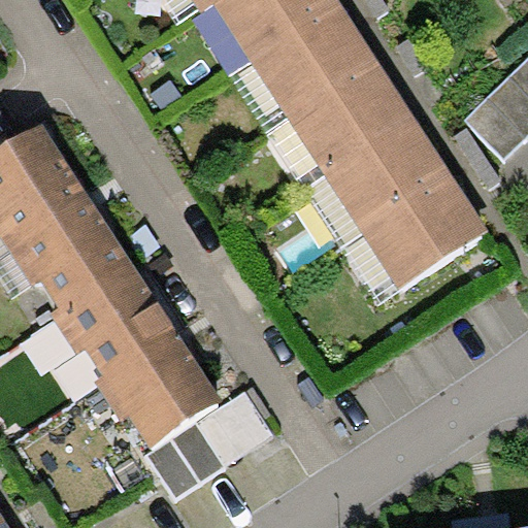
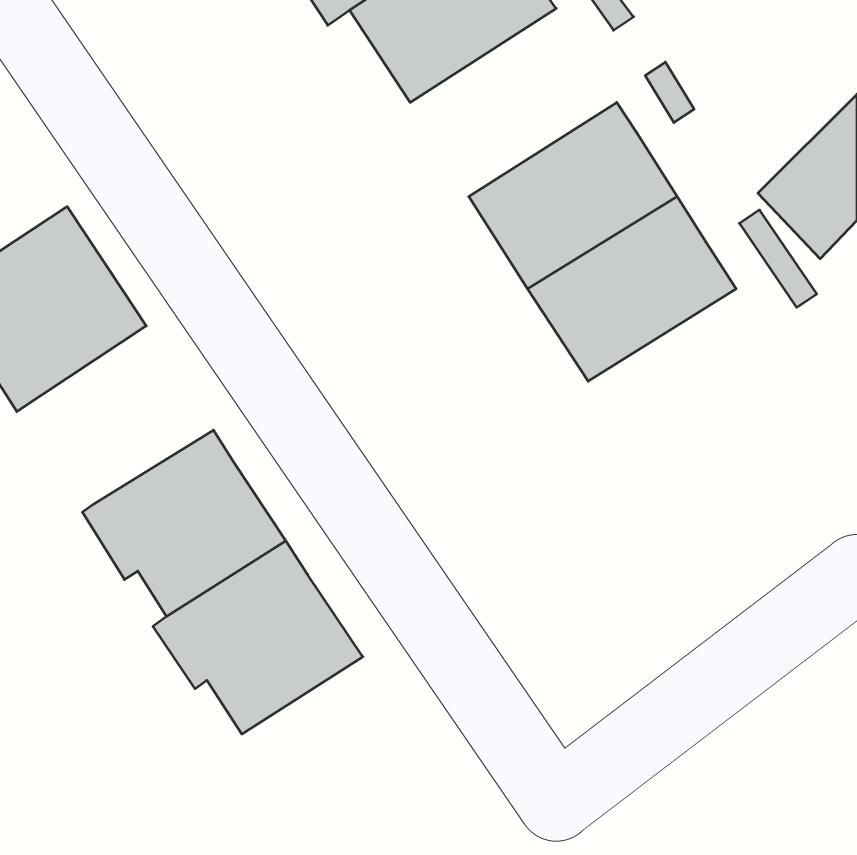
building: [252,5,378,121] -> none
building: [361,177,488,292] -> none
building: [10,200,131,309] -> none
building: [144,390,273,499] -> none

